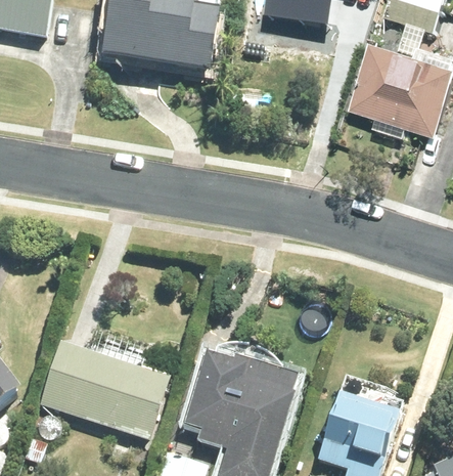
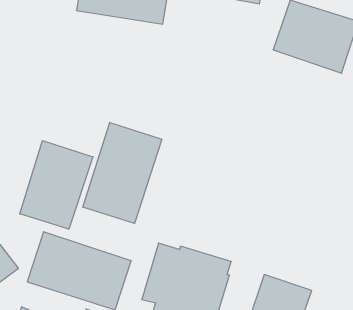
building: none -> [83,122,162,224]
building: none -> [20,141,93,229]

